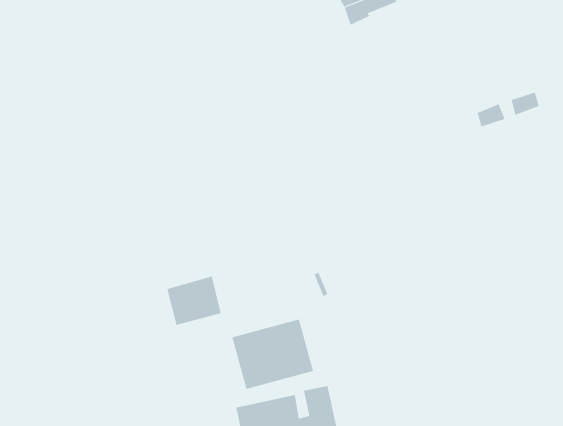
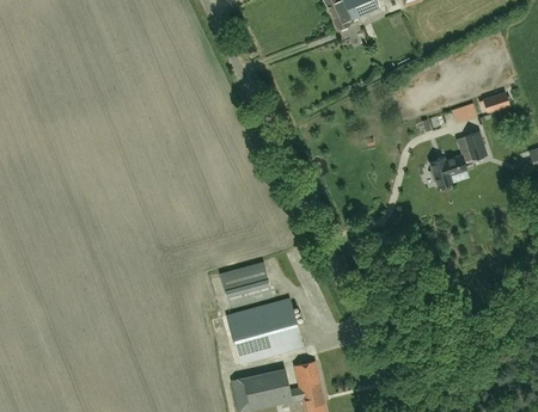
building: none -> [428,131,487,190]
building: [167,276,221,325] -> [221,262,271,307]

